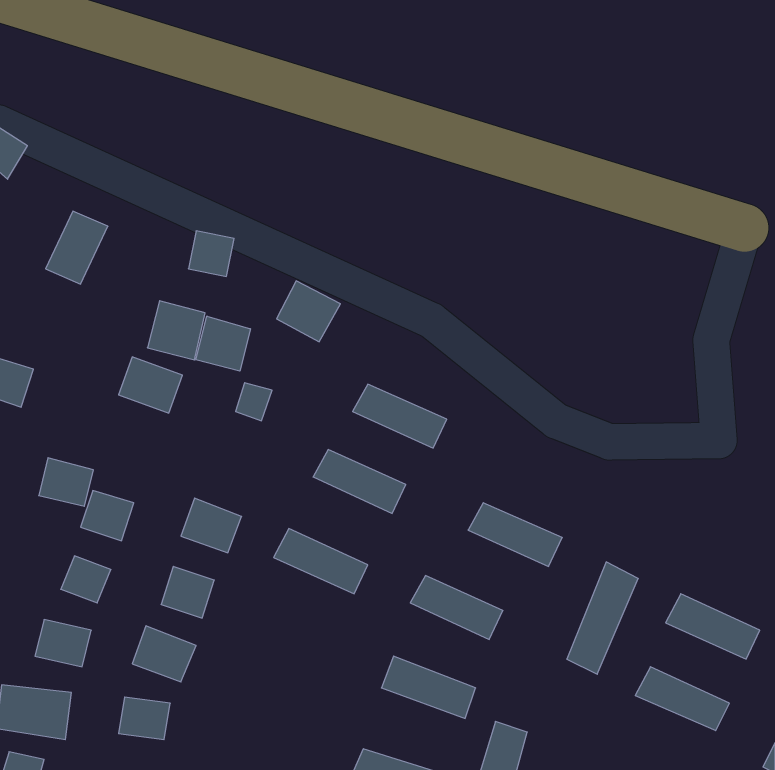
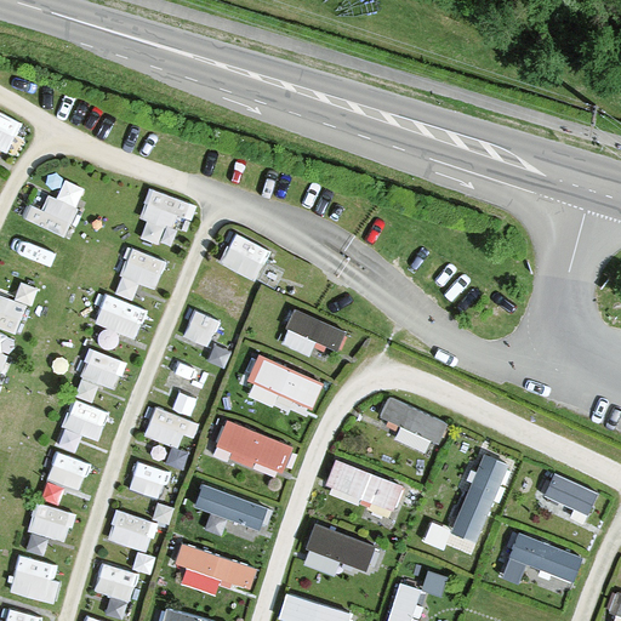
building: [196,316,250,371] -> none
building: [39,458,93,506] -> [81,346,125,384]
building: none -> [195,490,270,537]
building: none -> [177,551,251,598]

